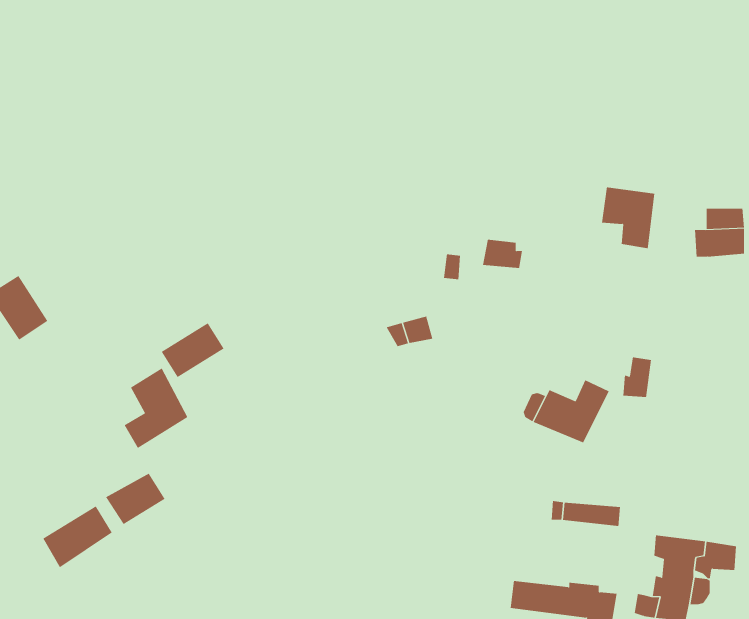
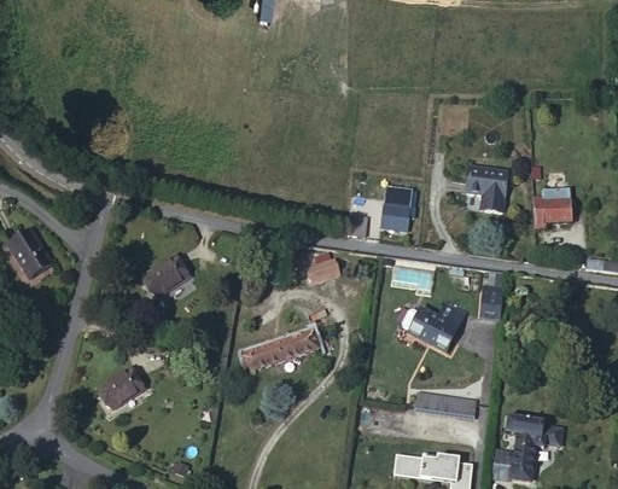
building: [124,368,188,449] -> none
building: none -> [244,327,316,369]
building: [43,505,112,568] -> none

